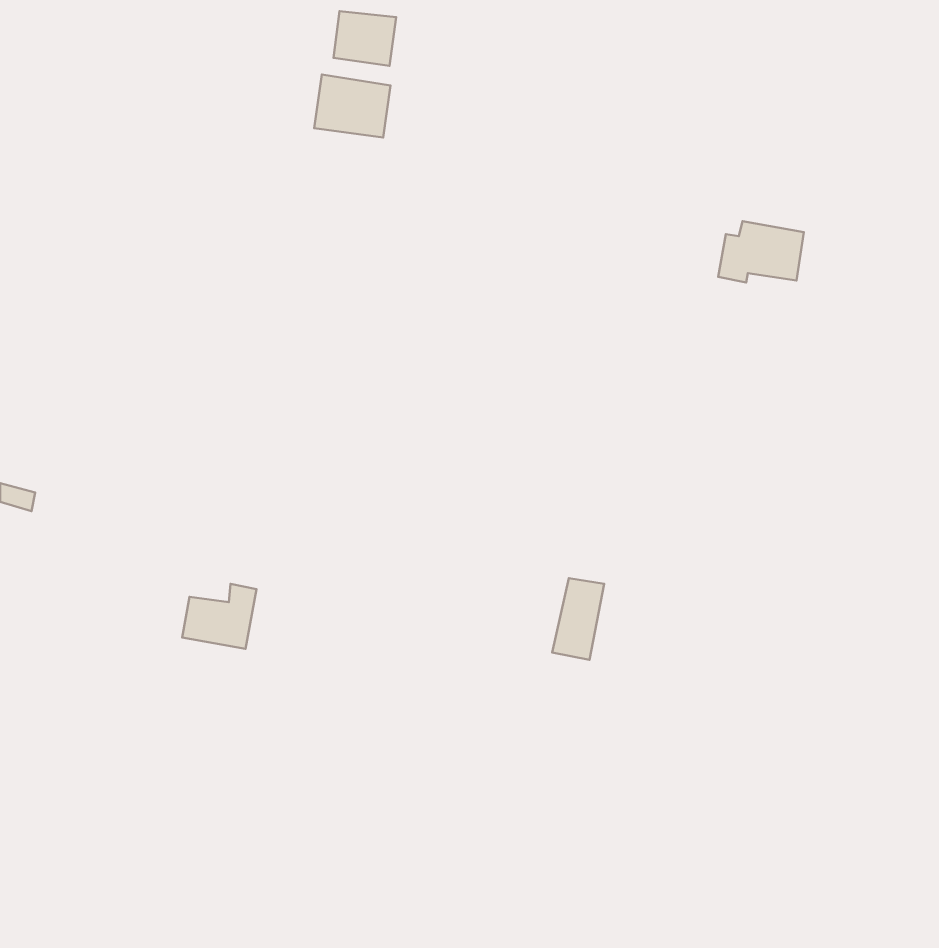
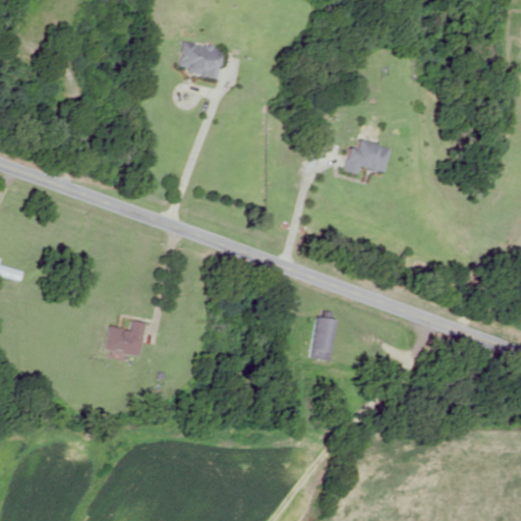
building: [333,11,396,66] -> none
building: [718,221,804,282] -> [343,139,390,173]

